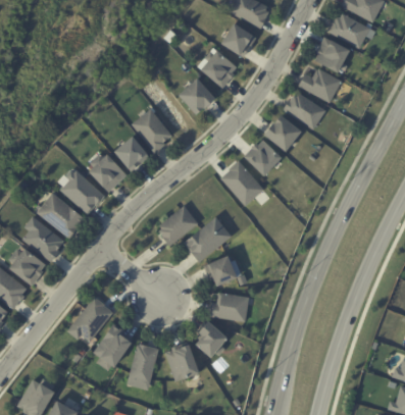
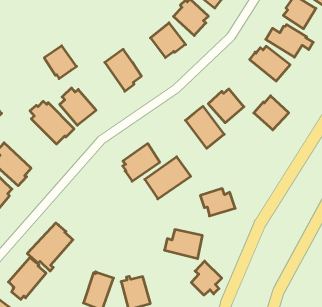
building: [264,115,301,151] -> [254,96,289,130]
building: [114,136,149,170] -> [44,46,77,79]
building: [36,193,84,238] -> none
building: [204,256,242,286] -> [200,189,235,216]
building: [195,321,226,357] -> [191,261,222,295]
building: [94,324,133,369] -> [8,257,46,299]

